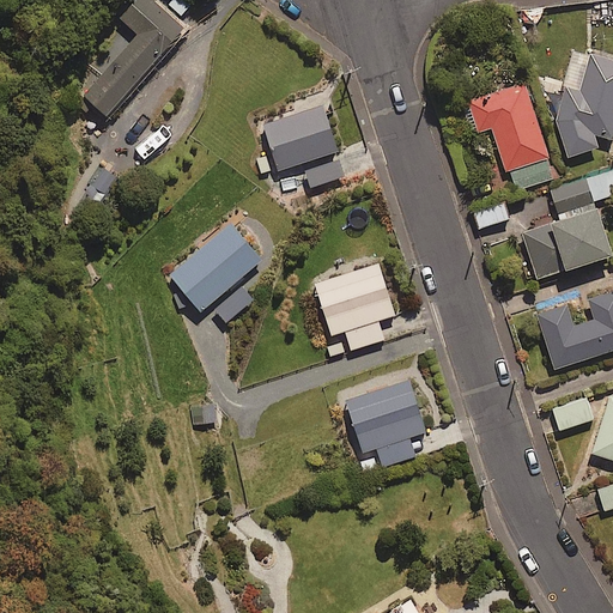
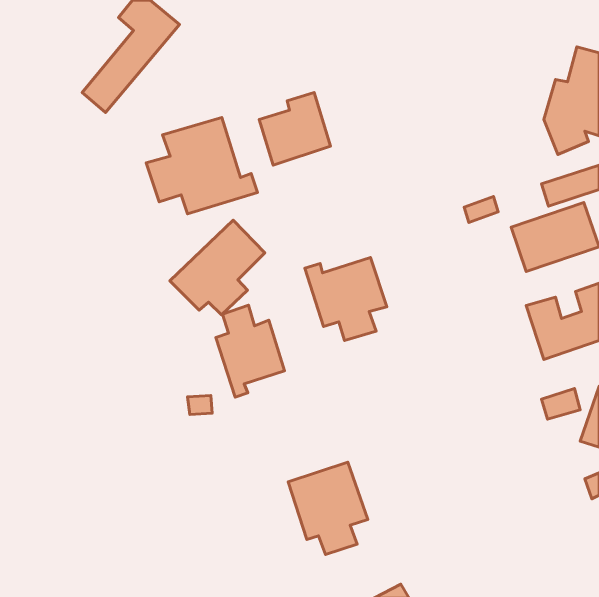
building: [468,84,554,189] -> none
building: none -> [146,117,257,214]
building: none -> [216,305,285,397]
building: [345,372,426,467] -> [288,462,368,555]

